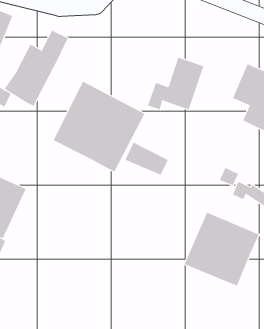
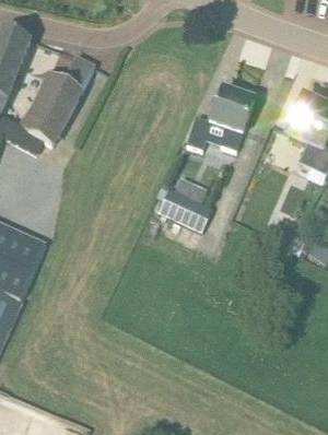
building: [53,81,145,173] -> none
building: [184,212,259,287] -> none

